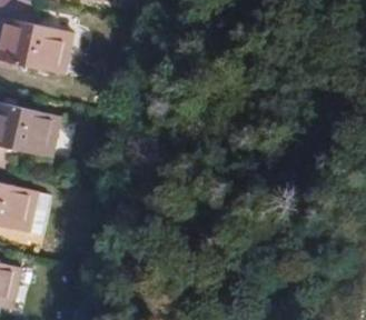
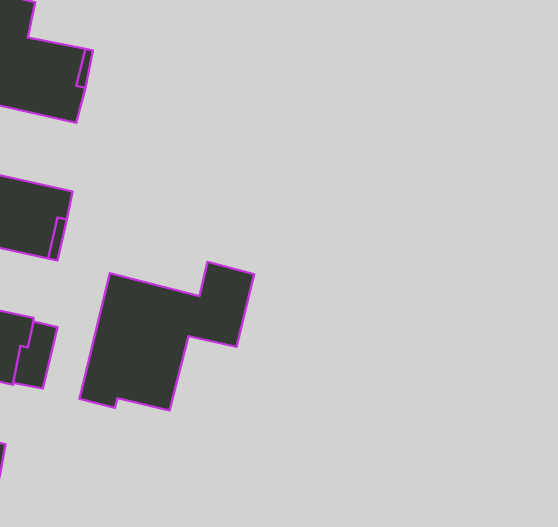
building: none -> [80,262,254,411]

